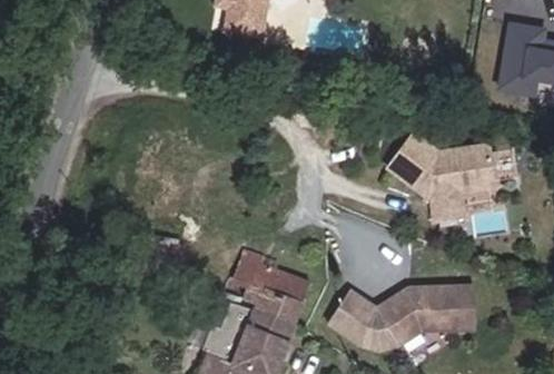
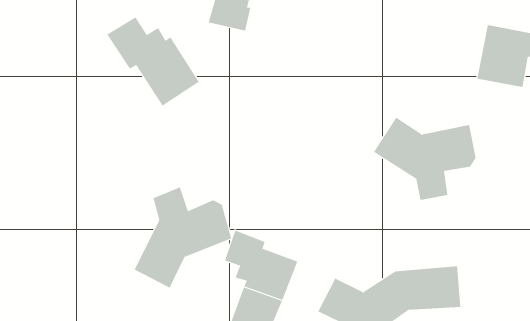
building: none -> [106,16,199,106]
building: none -> [134,186,232,289]

